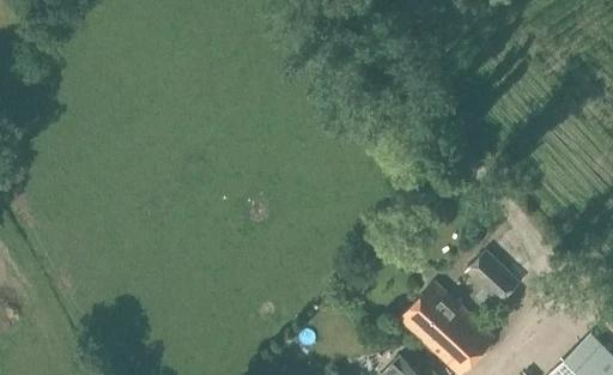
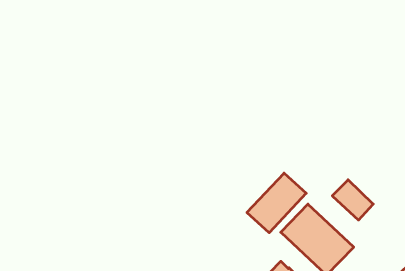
building: none -> [247,173,306,233]

